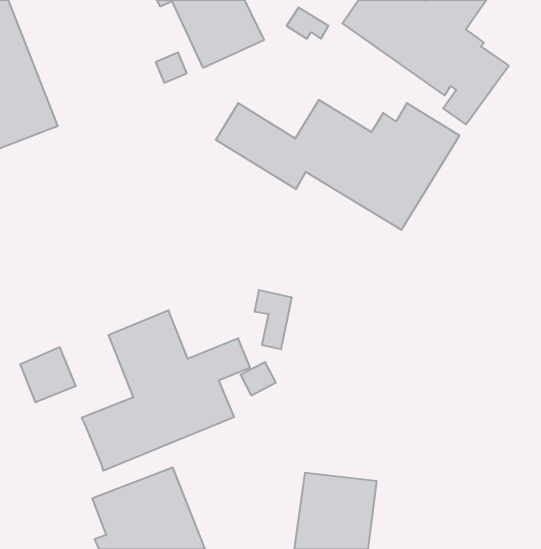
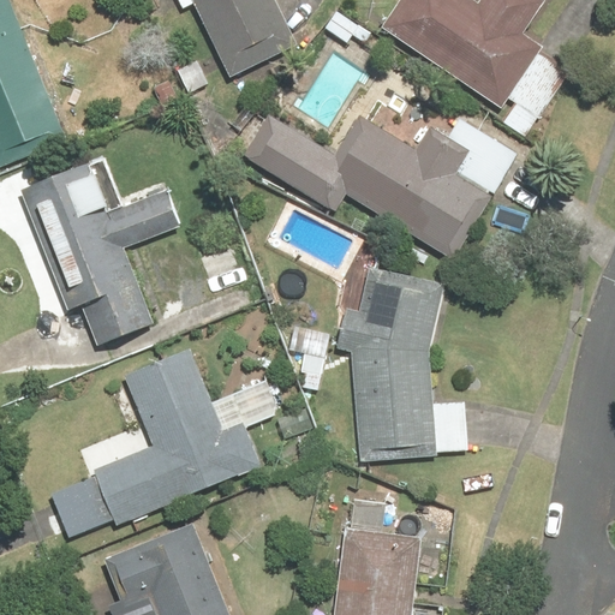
building: none -> [20,157,179,344]
building: none -> [332,264,468,456]
building: [20,347,76,402] -> [50,474,113,536]

